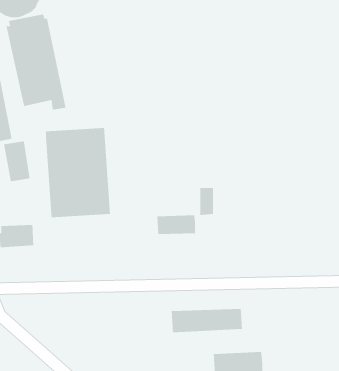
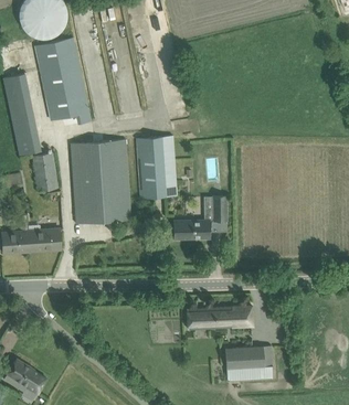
building: none -> [136,136,178,199]

